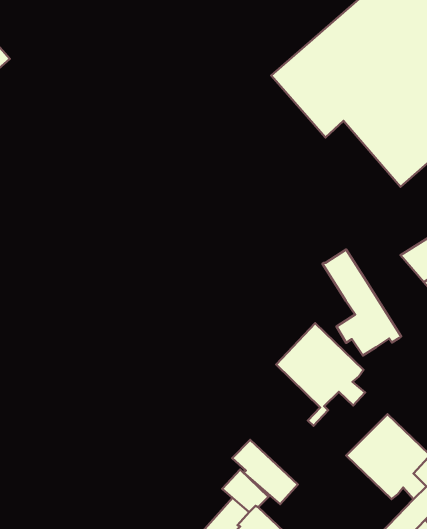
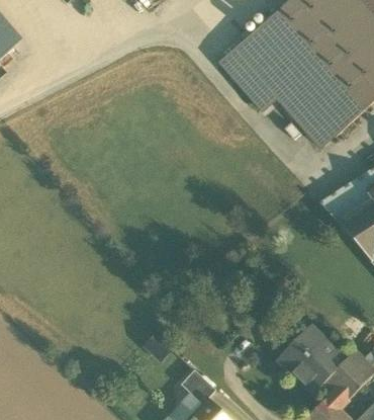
building: [322,249,401,356] -> none
building: [276,323,365,426] -> none
building: [232,440,298,504] -> none

